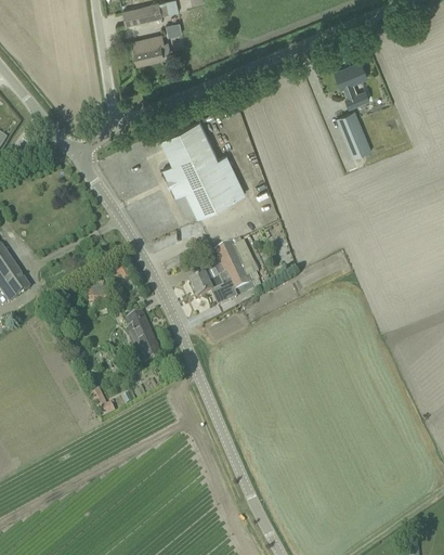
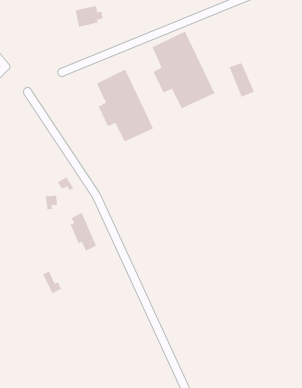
building: [335,60,369,106] -> none
building: none -> [152,31,215,109]
building: [190,241,253,305] -> none

